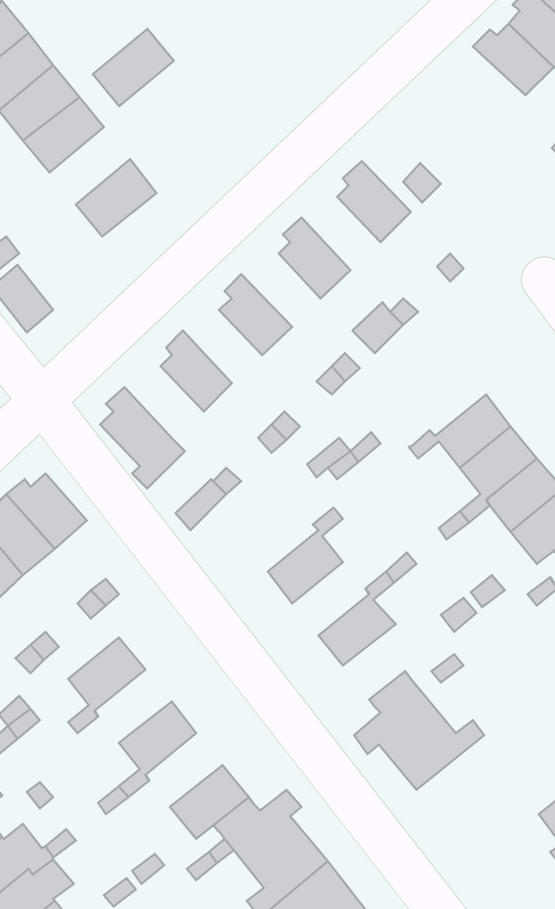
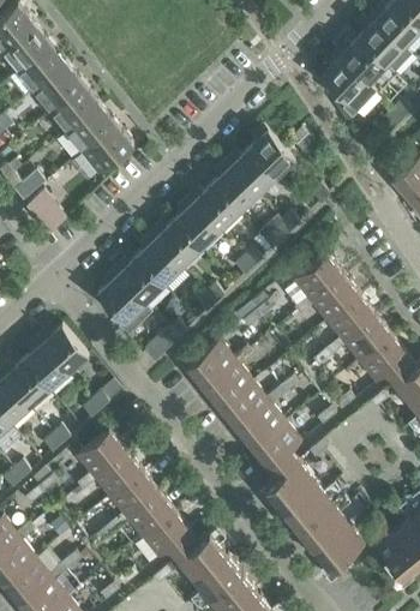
building: [93,29,174,106] -> [66,106,118,155]
building: none -> [322,54,377,118]
building: none -> [227,150,277,197]
building: none -> [188,186,239,233]
building: none -> [151,222,202,269]
building: none -> [284,256,344,309]
building: none -> [114,258,164,305]
building: none -> [187,342,238,389]
building: none -> [221,383,270,430]
building: none -> [253,423,304,471]
building: none -> [95,451,144,498]
building: none -> [127,492,176,539]
building: none -> [300,493,366,582]

